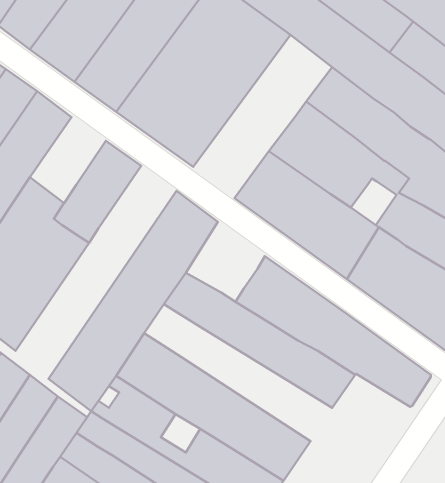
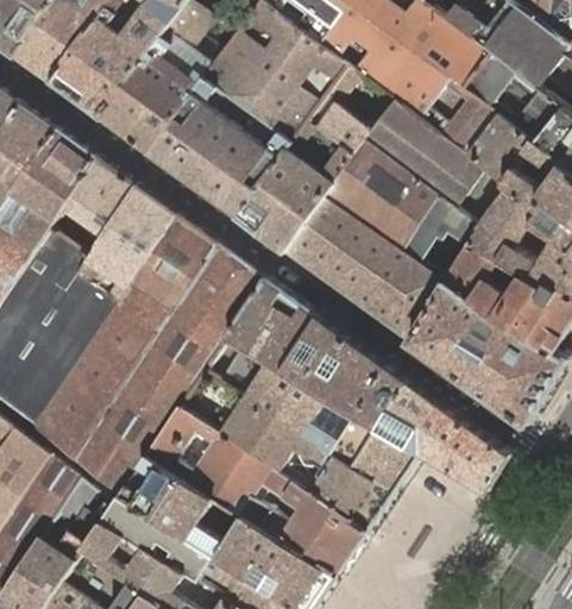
building: none -> [231,63,390,250]
building: none -> [57,157,131,234]
building: none -> [27,213,212,457]
building: none -> [222,277,313,369]
building: none -> [175,371,390,528]

